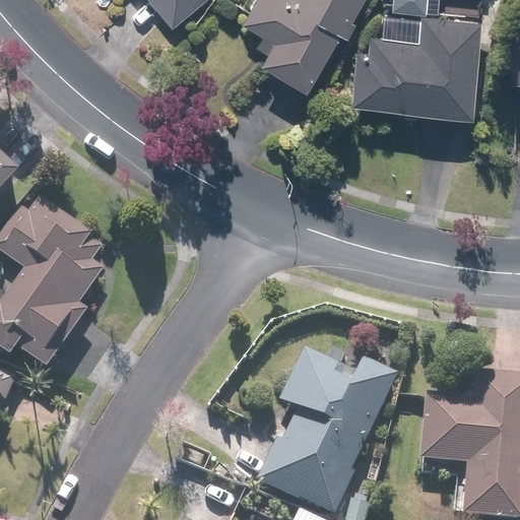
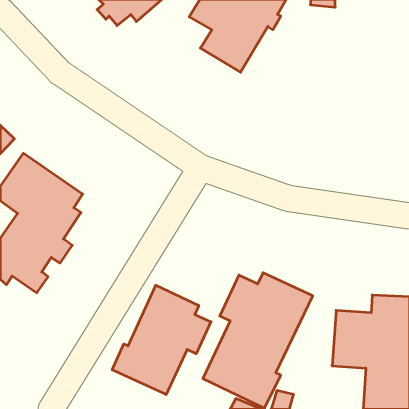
building: [350,14,479,117] -> none
building: none -> [112,285,211,395]

